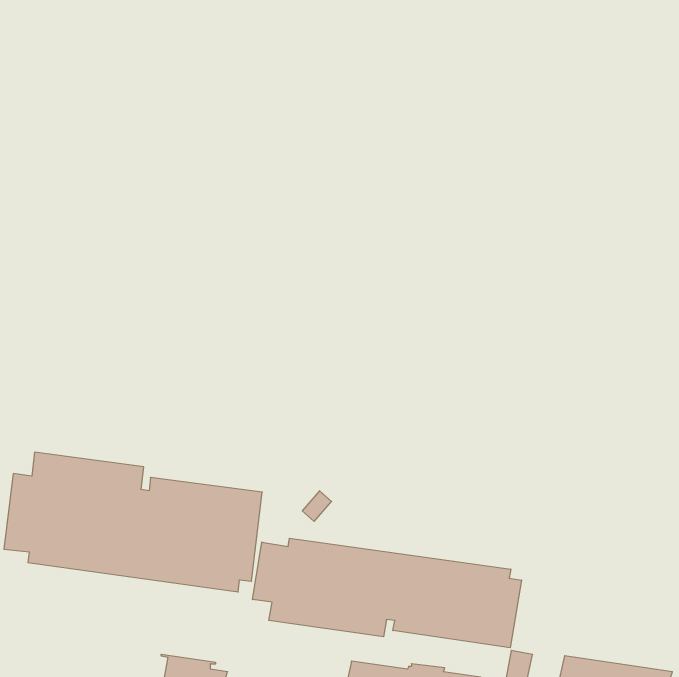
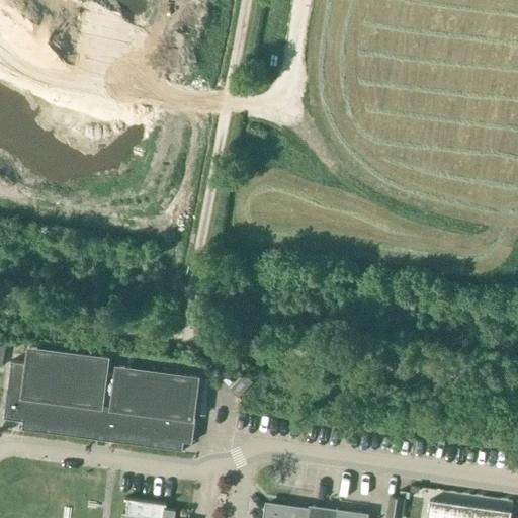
building: [253,538,522,648] -> none

